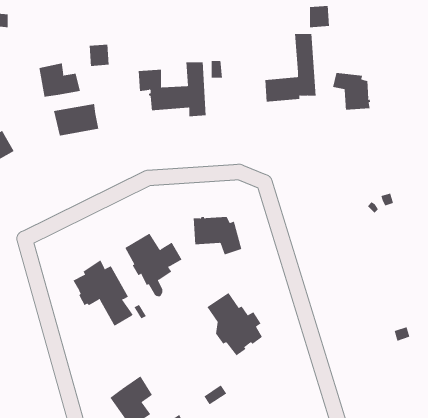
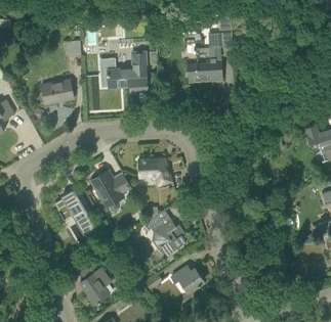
building: [39,63,80,98] -> none
building: [333,72,371,111] -> none
building: none -> [171,267,203,292]

